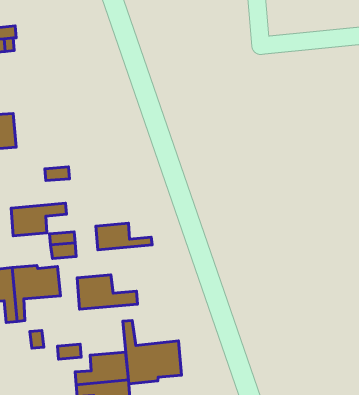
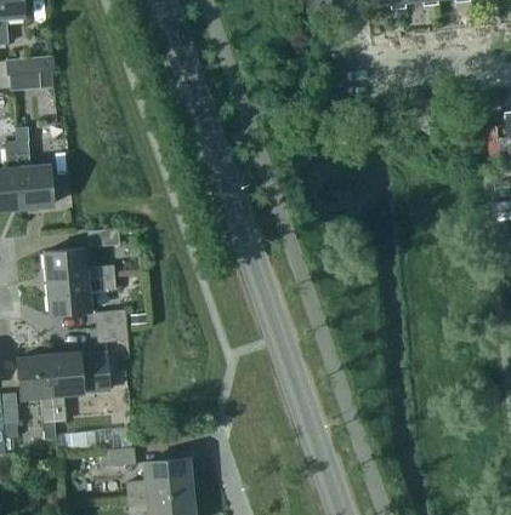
building: [96,223,152,250] -> [46,248,115,281]
building: [77,275,138,309] -> none
building: [123,321,181,384] -> none

